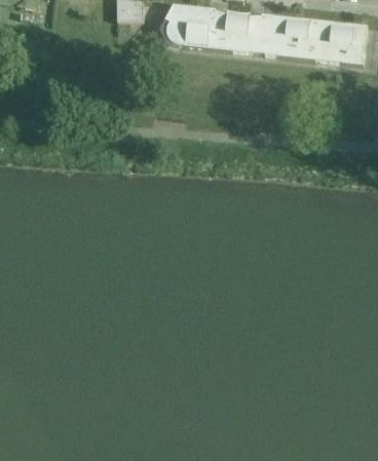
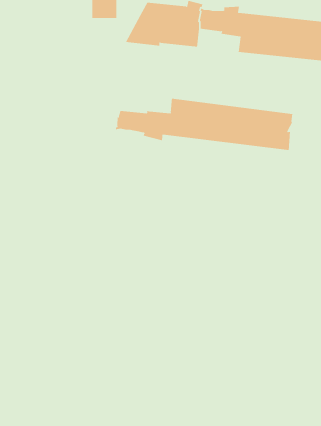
building: [225,32,267,55] -> none
building: none -> [115,98,293,151]

